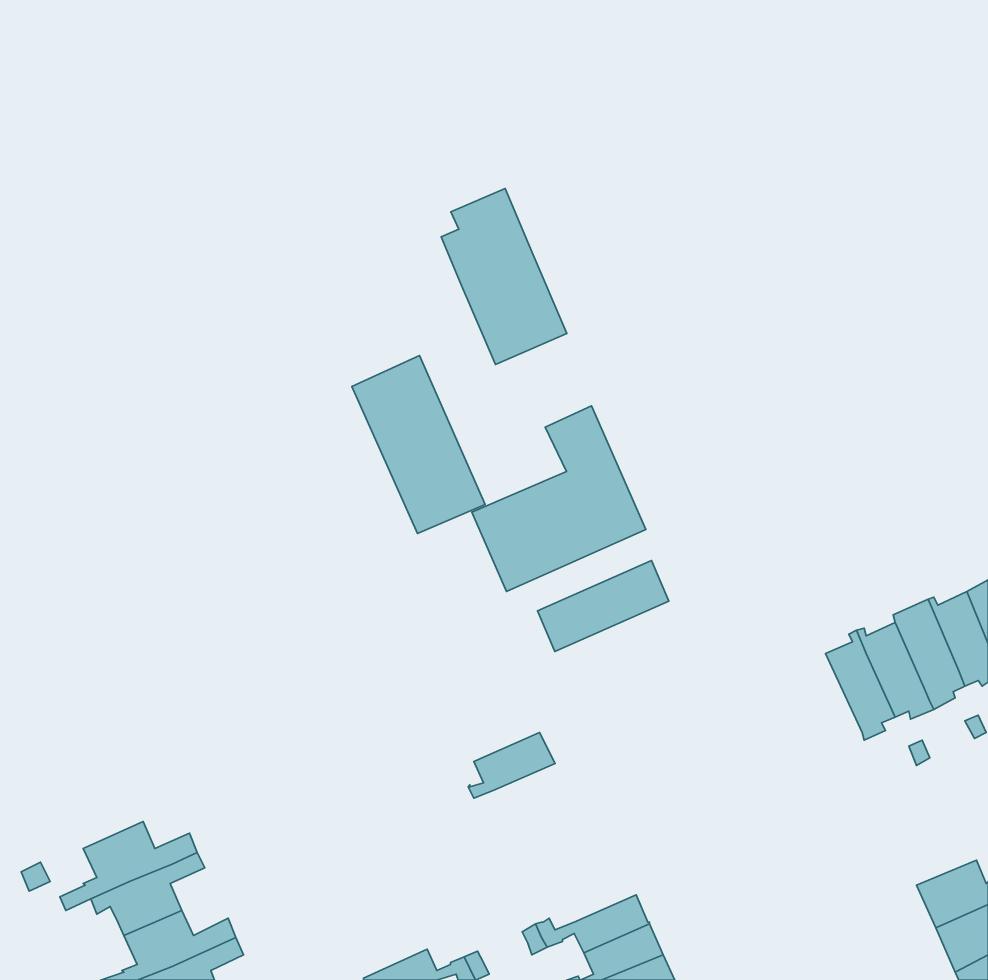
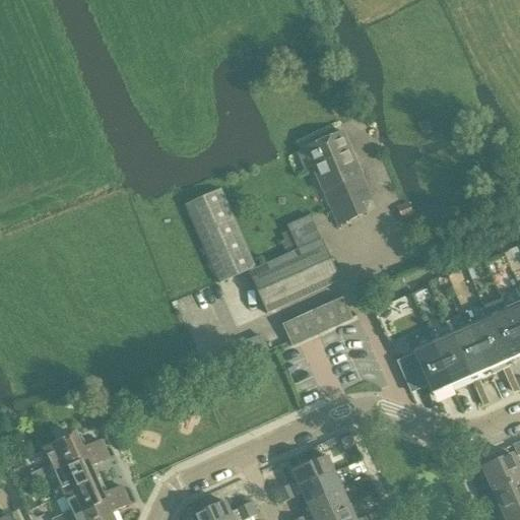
building: [441,189,567,365] -> [309,130,375,222]
building: none -> [397,343,454,394]
building: [468,733,555,798] -> [288,454,334,489]

